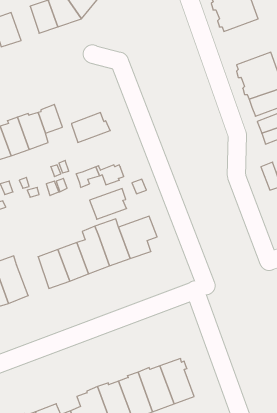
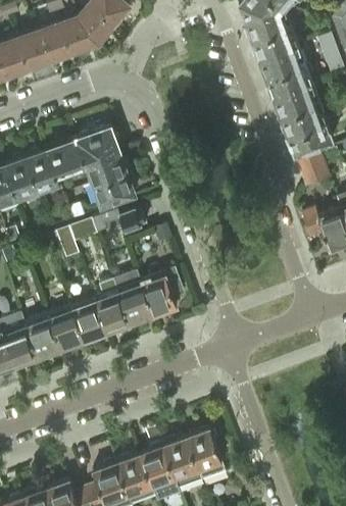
building: none -> [17,30,49,68]
building: none -> [258,44,311,96]
building: none -> [66,125,118,166]
building: [90,189,127,219] -> [93,170,135,205]
building: none -> [23,313,60,357]

